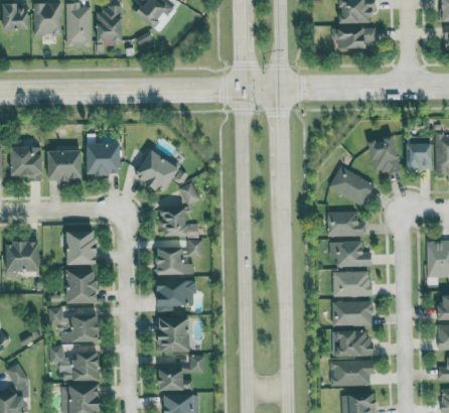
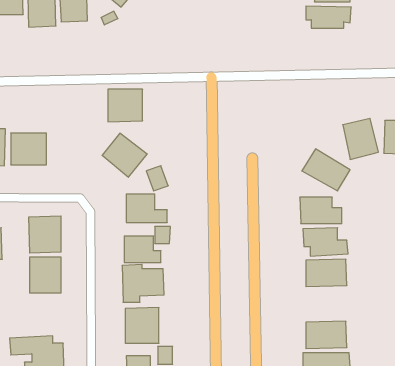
building: [88,143,121,174] -> [108,89,143,122]
building: [330,301,371,326] -> none
building: [46,307,100,342] -> none

